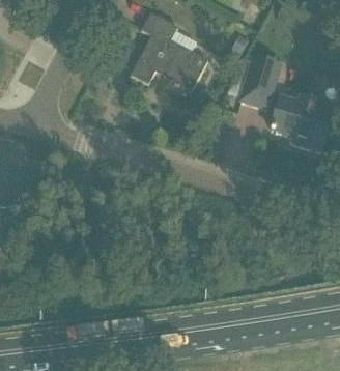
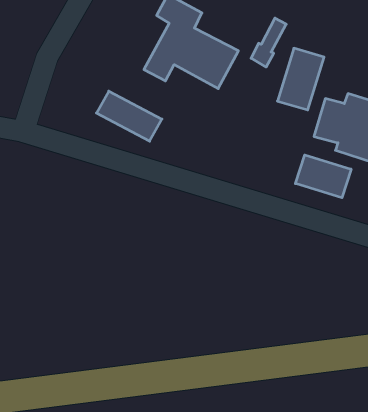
building: none -> [96,91,162,141]
building: none -> [295,155,351,198]

